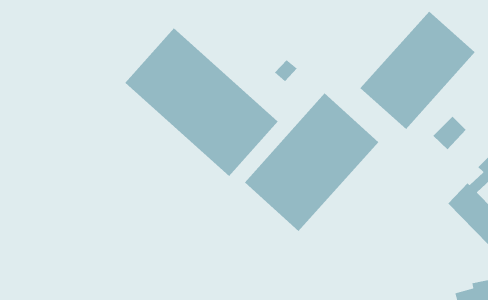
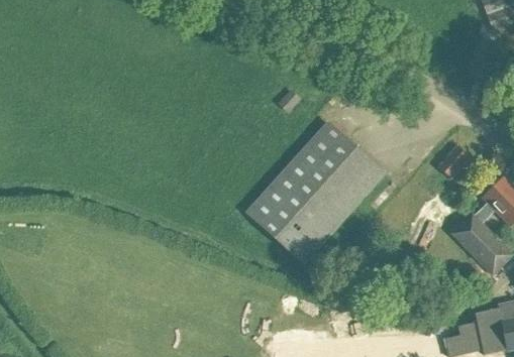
building: [360,11,476,130] -> none
building: [125,27,278,177] -> none

